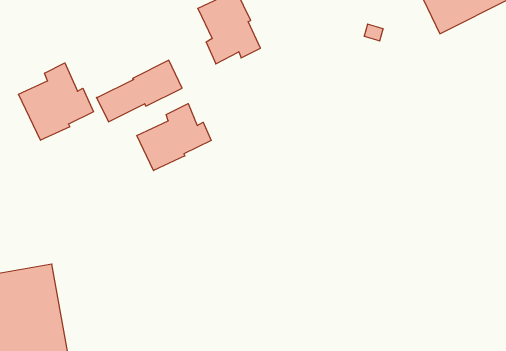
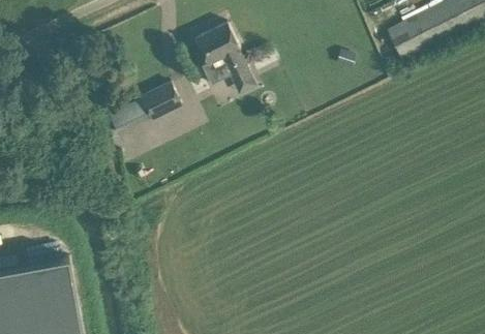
building: [18,63,93,140] -> none
building: [137,104,211,171] -> none

